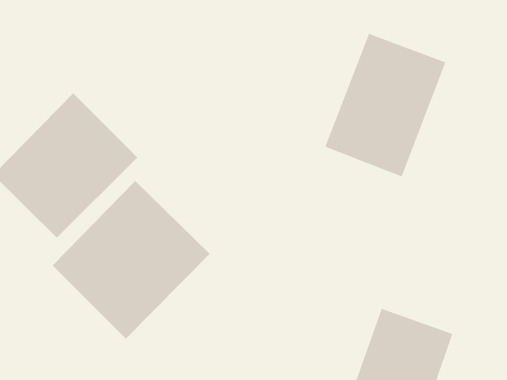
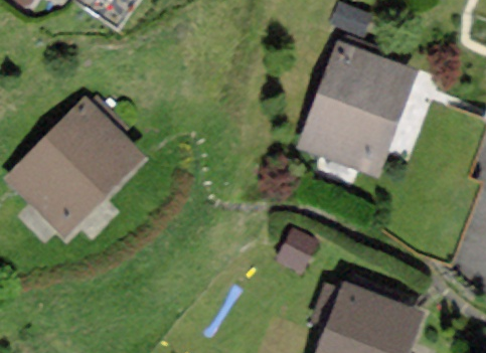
building: [52,180,210,340] -> none

